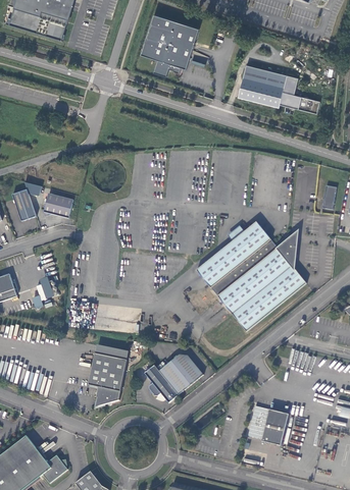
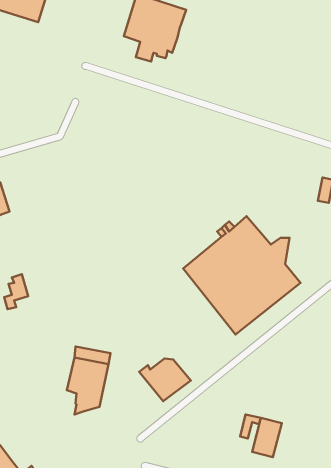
building: [238,65,319,113] -> none
building: [42,194,71,218] -> none
building: [144,364,179,402] -> none

